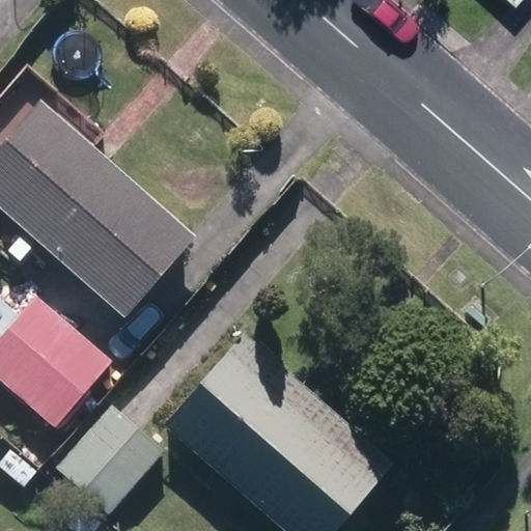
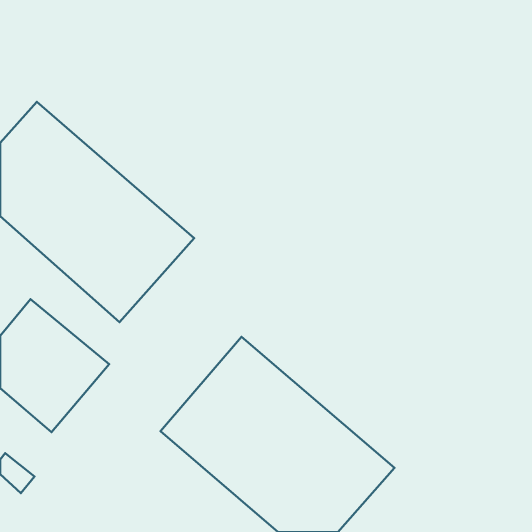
building: [55,402,165,513] -> none

